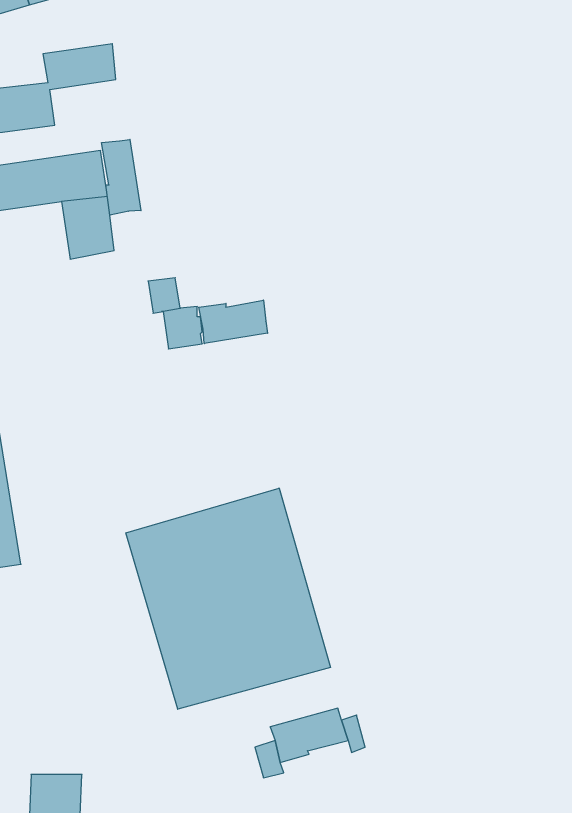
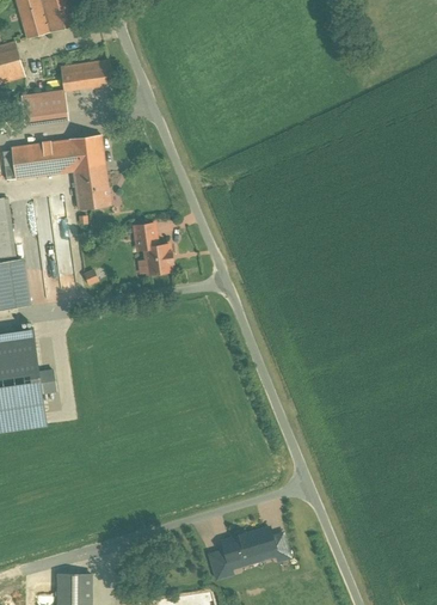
building: [102,139,141,215] -> none
building: [199,300,268,344] -> none
building: [126,488,330,709] -> none

